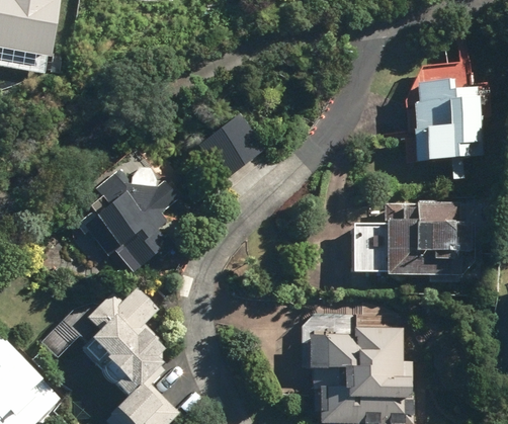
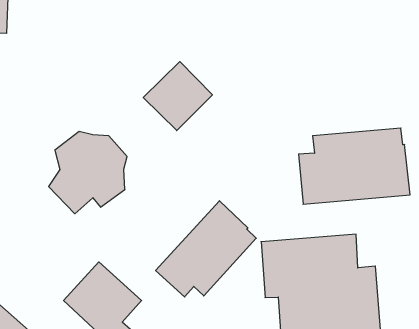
building: [404,71,484,161] -> none
building: none -> [156,201,256,297]

